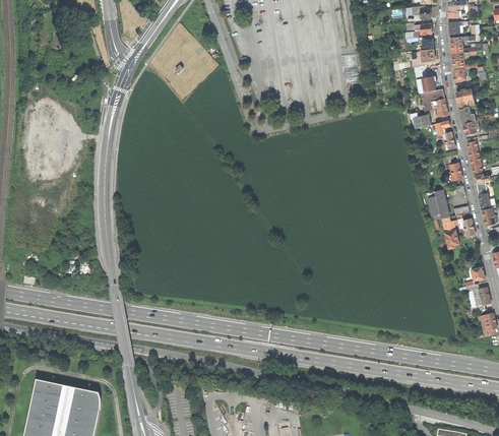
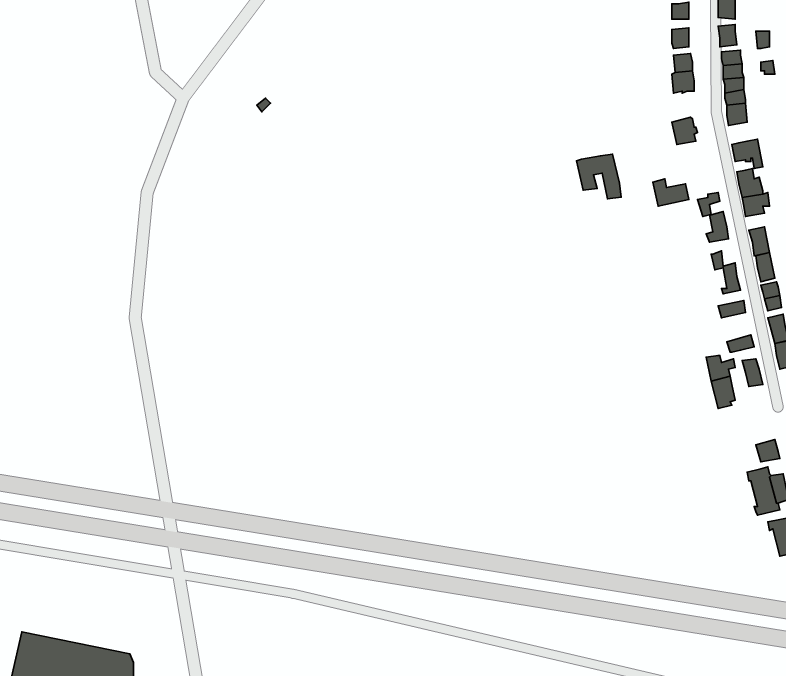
building: [421,89,447,116] -> [576,154,621,199]
building: [427,190,448,221] -> none

